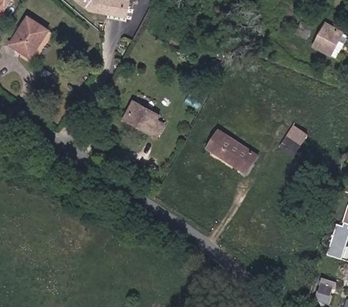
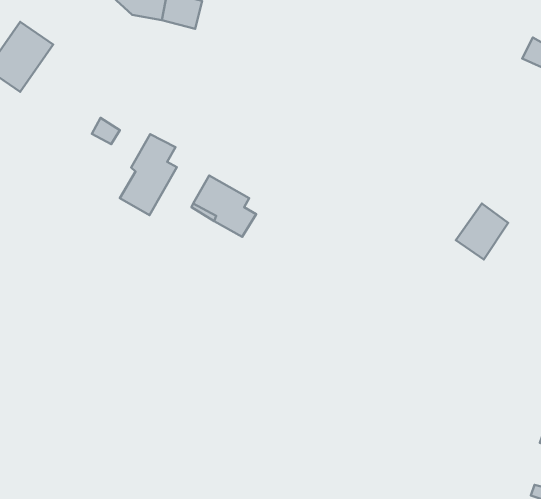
building: none -> [120,134,177,215]
building: [210,123,260,168] -> none

